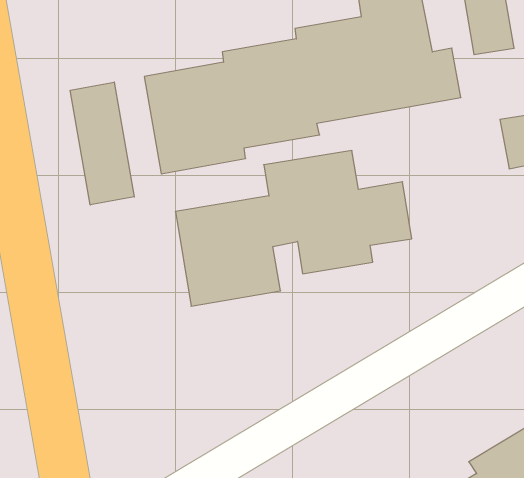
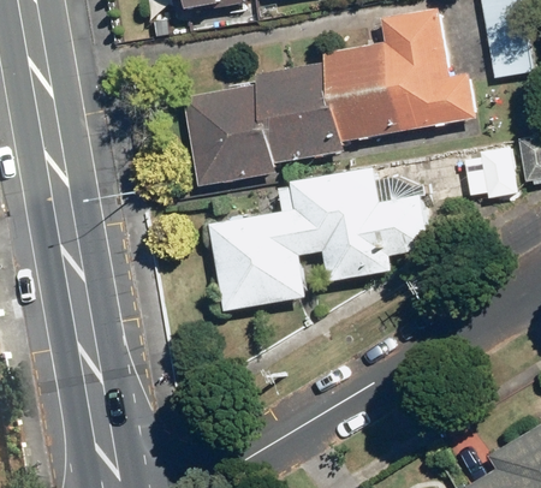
building: [70,82,134,205] -> none
building: none -> [459,145,515,197]

